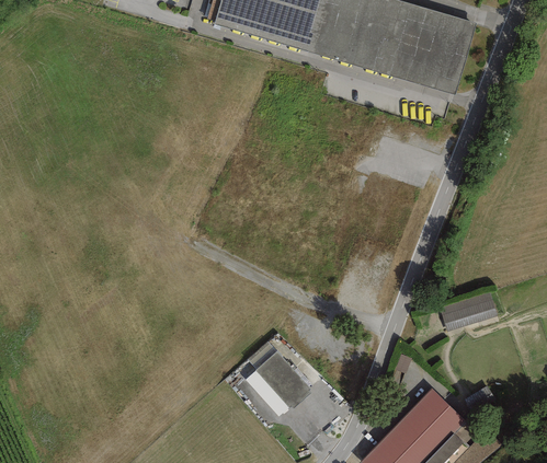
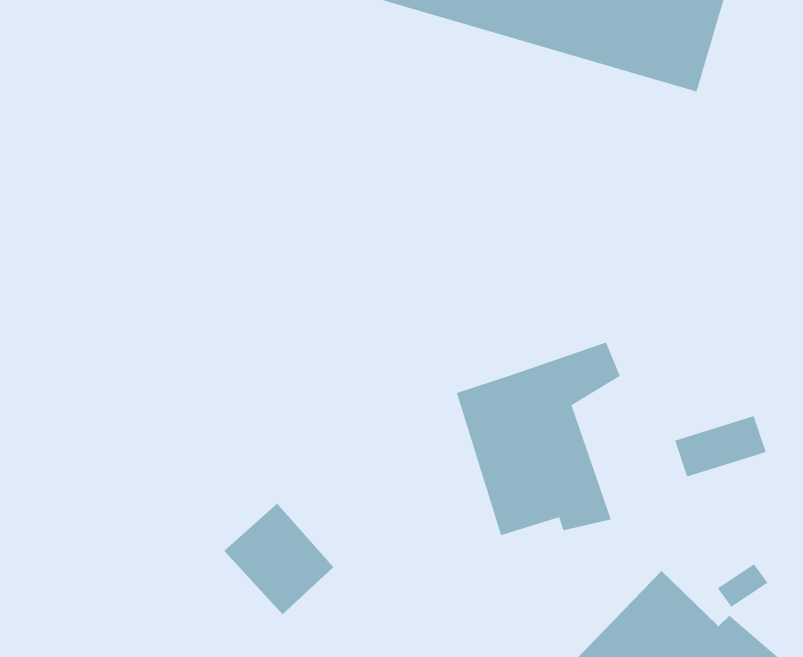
building: none -> [456,341,621,536]
building: [243,349,311,418] -> [224,503,334,615]

